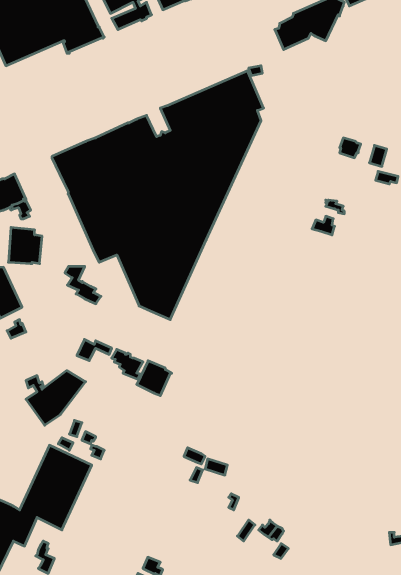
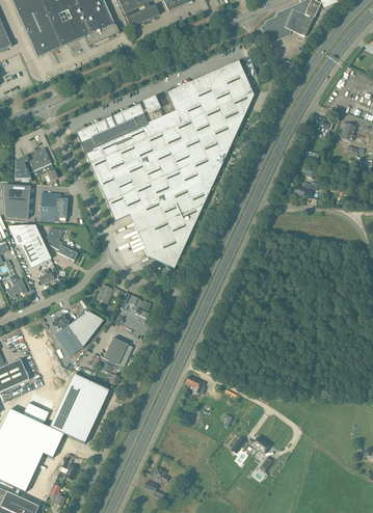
building: [65,266,101,304] -> [48,228,78,260]
building: [137,361,172,396] -> [104,336,133,366]

